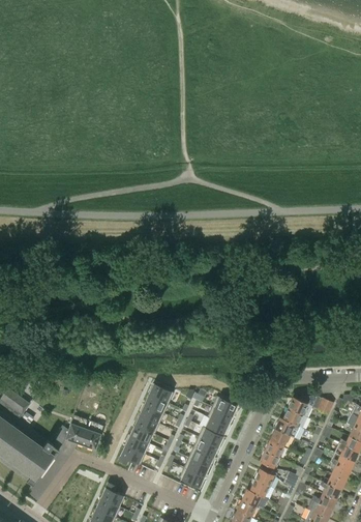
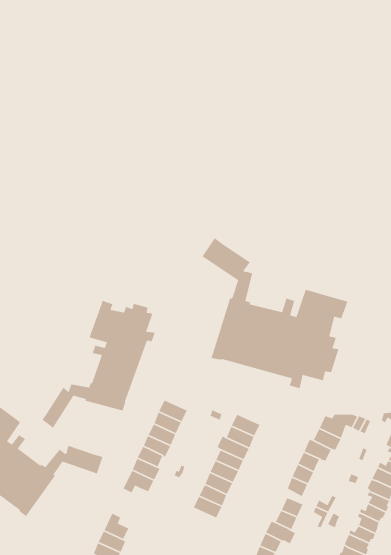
building: none -> [201,237,348,389]
building: none -> [41,300,156,429]

